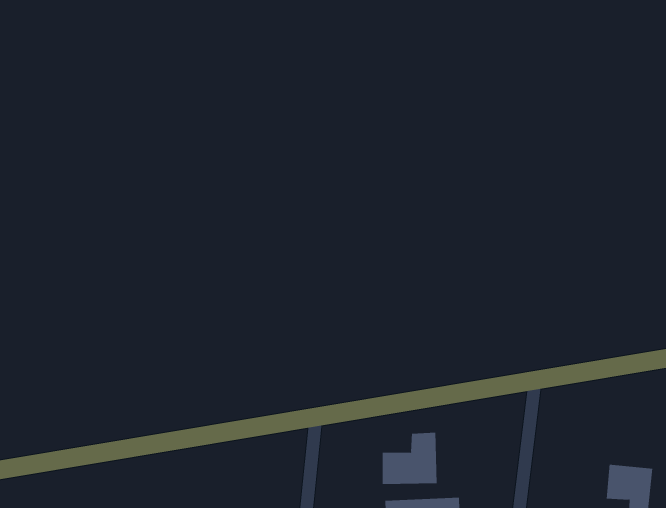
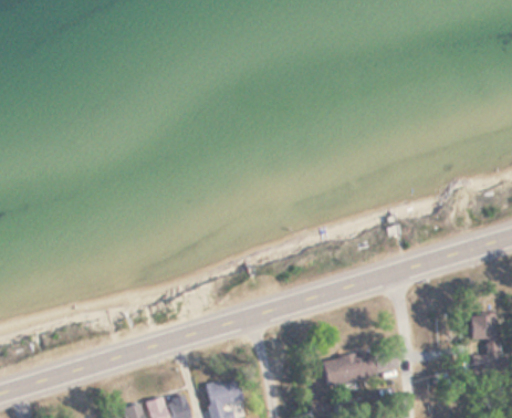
building: [382,432,437,485] -> none

